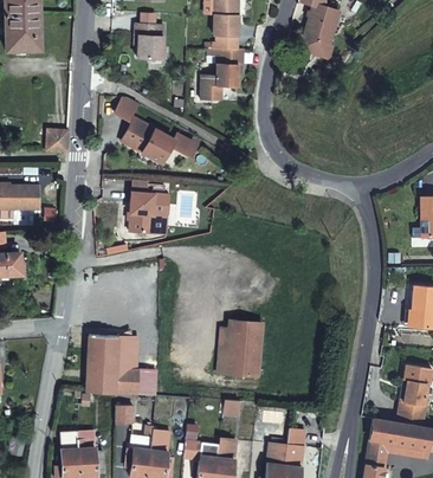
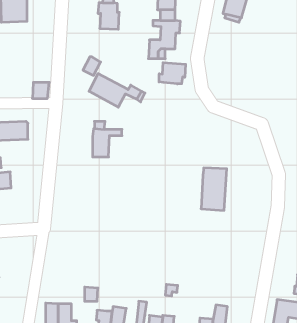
building: none -> [159,63,186,84]
building: [228,321,263,377] -> [201,168,227,210]
building: [86,335,156,396] -> none

